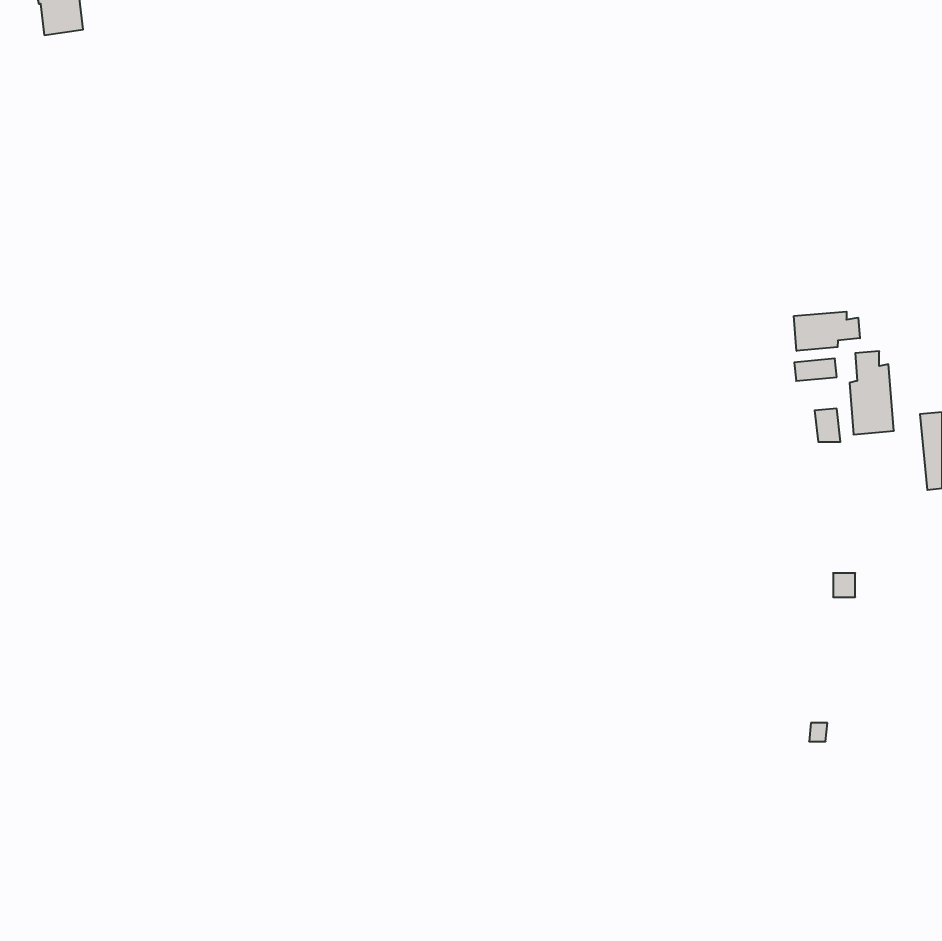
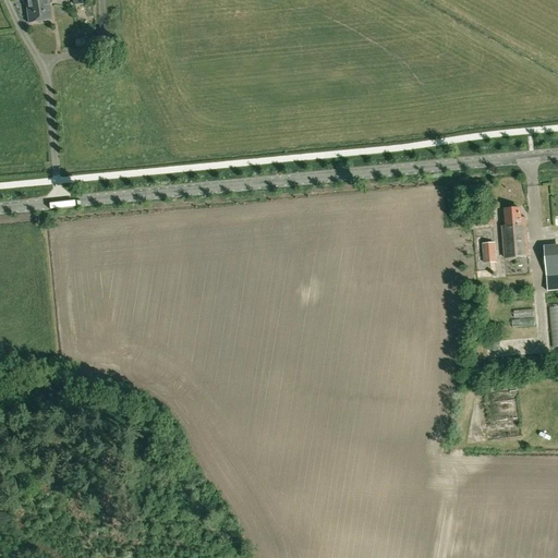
building: [794,312,860,351] -> none

